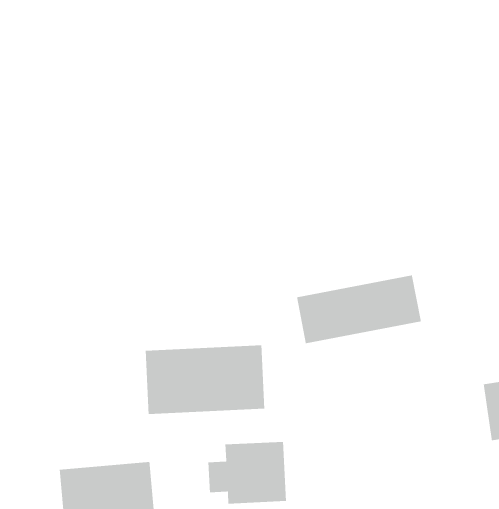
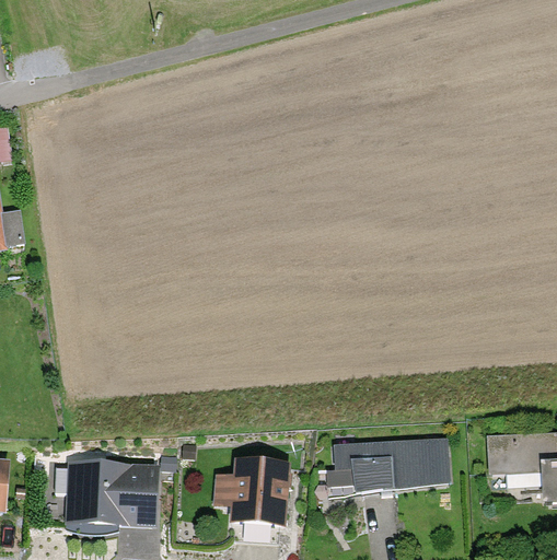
building: [296,275,422,344] -> [332,438,451,492]
building: [145,345,265,415] -> none

